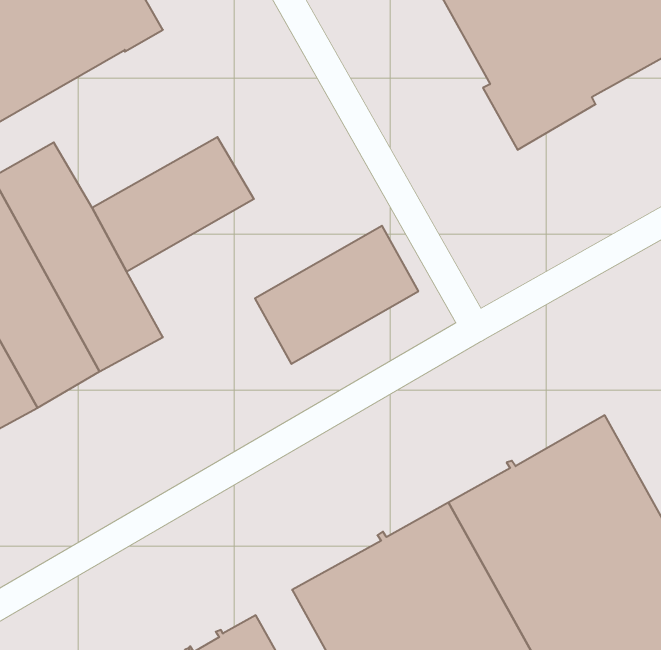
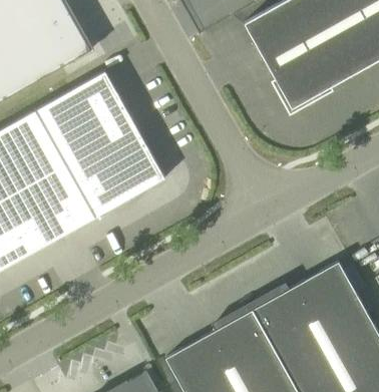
building: none -> [34,70,124,146]
building: [255,226,418,364] -> [74,141,164,218]

